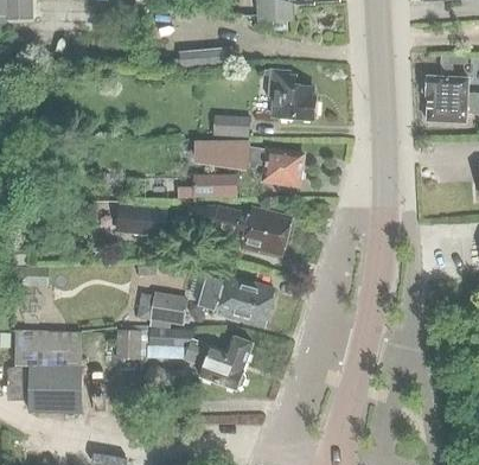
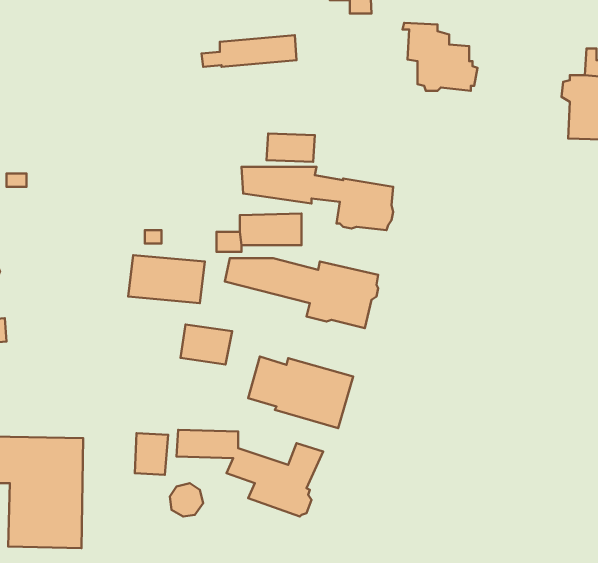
building: [264,70,318,119] -> [403,23,478,91]
building: [152,297,189,325] -> [181,325,232,365]

